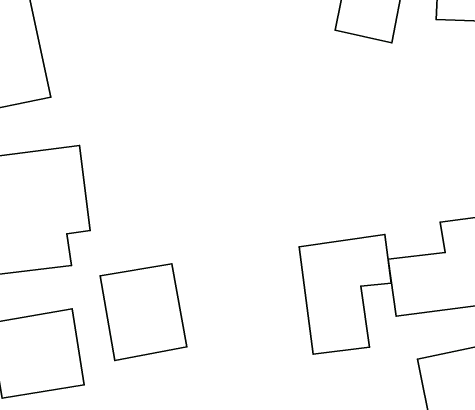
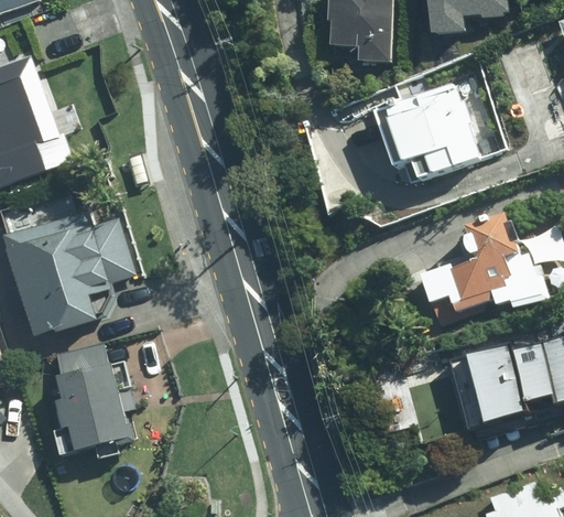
building: none -> [373,79,478,184]
building: [299,234,391,354] -> none
building: [100,264,187,361] -> none

